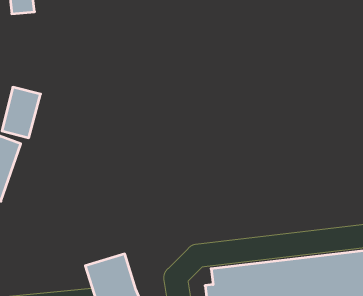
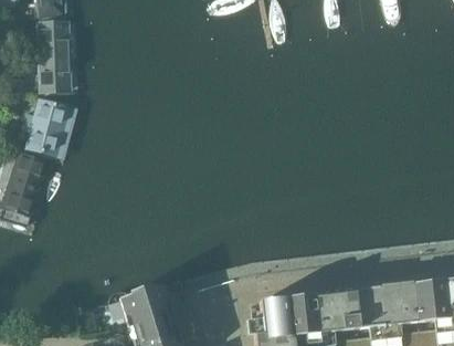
building: none -> [40,22,70,90]

